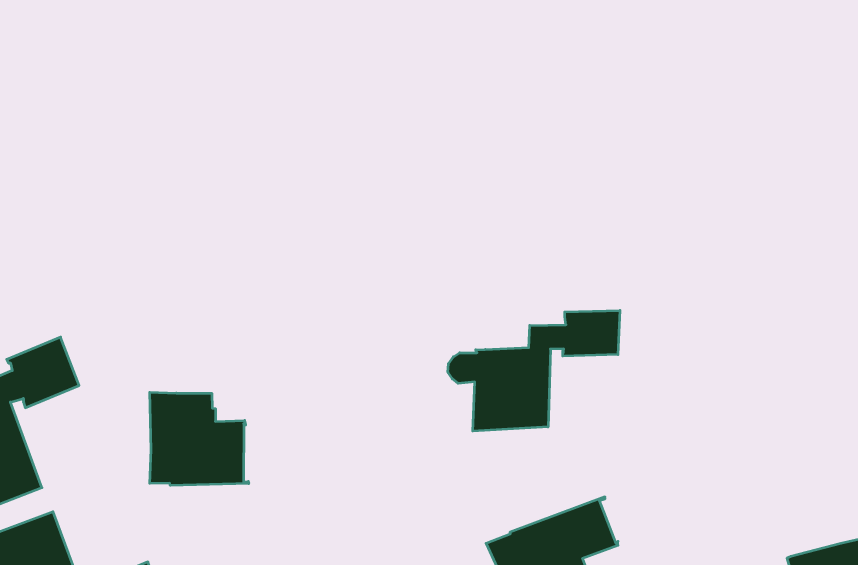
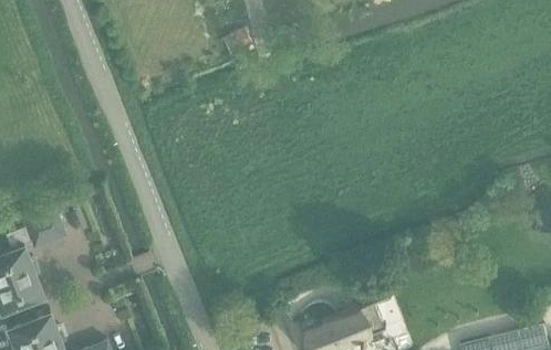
building: [448,310,620,431] -> none
building: [150,392,249,485] -> none

